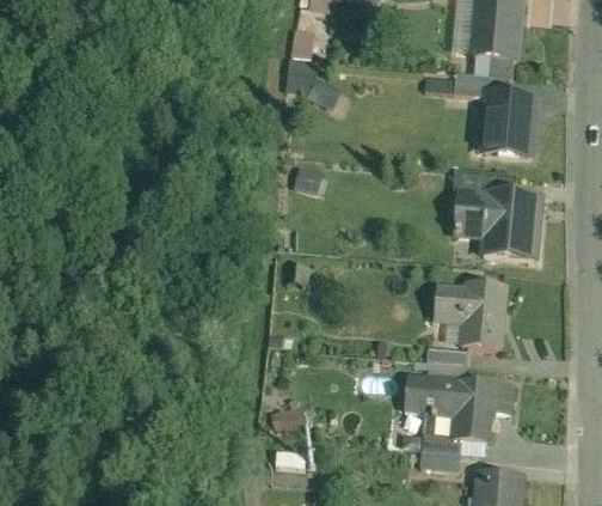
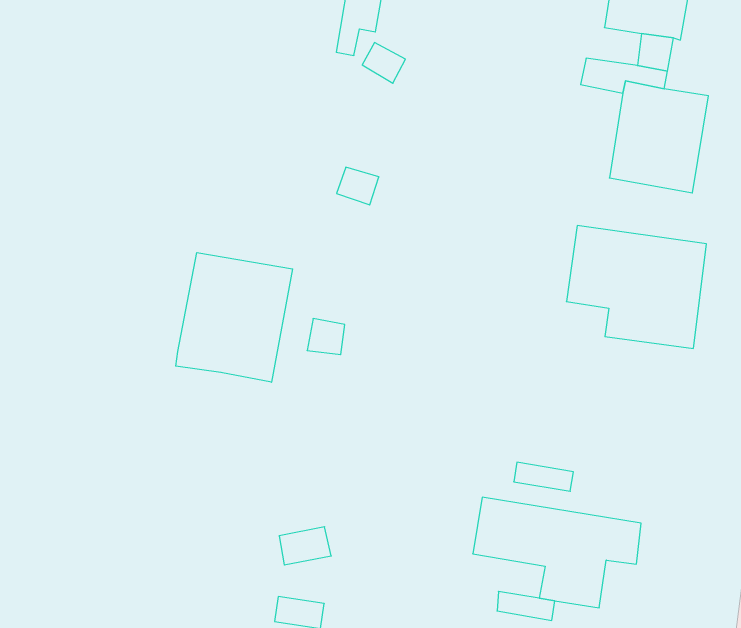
building: none -> [176,253,293,382]
building: [432,281,508,347] -> none

